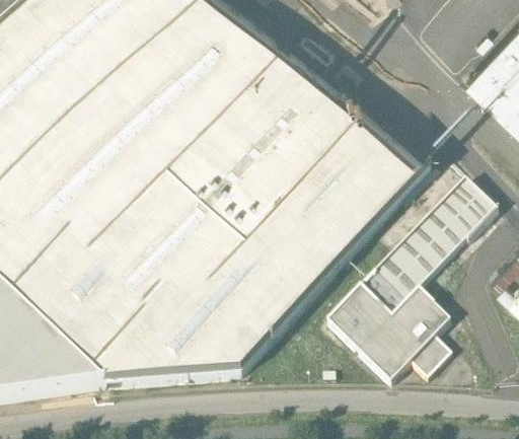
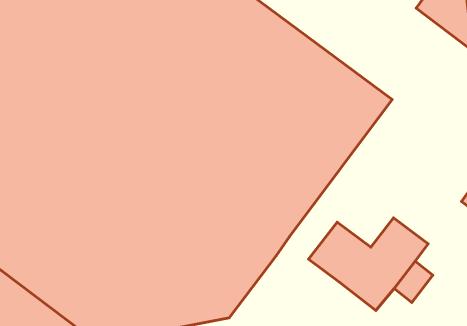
building: [355,179,491,319] -> none

